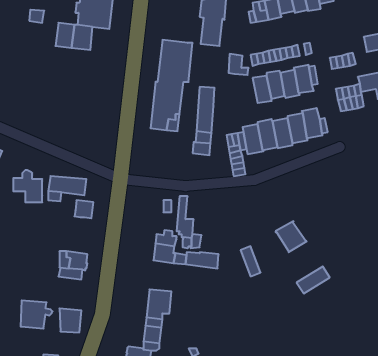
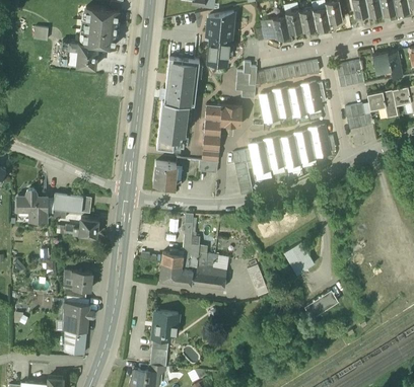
building: none -> [221,106,243,127]
building: none -> [154,162,184,186]
building: [21,300,53,329] -> [64,303,96,331]

